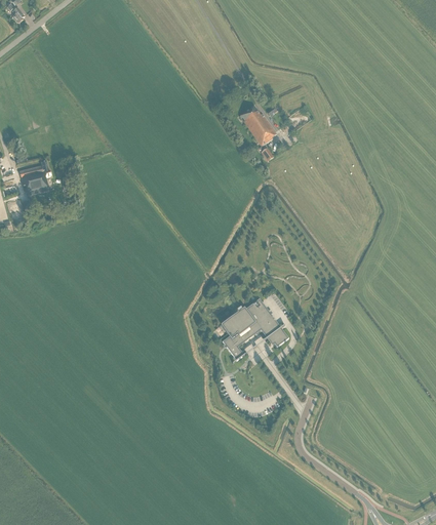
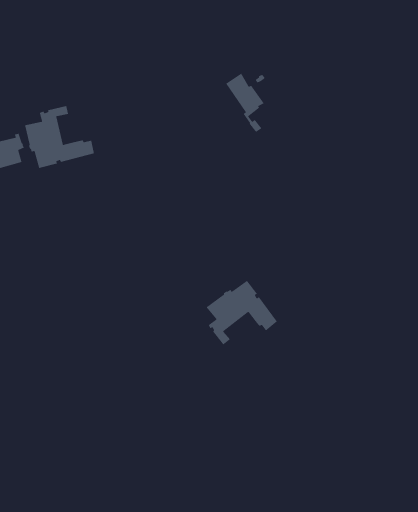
building: none -> [24,105,95,169]

